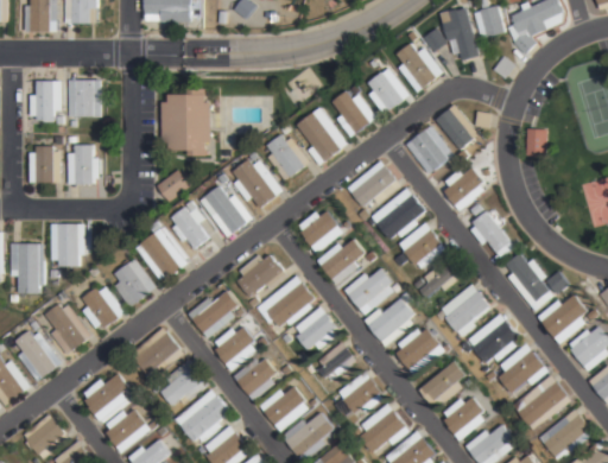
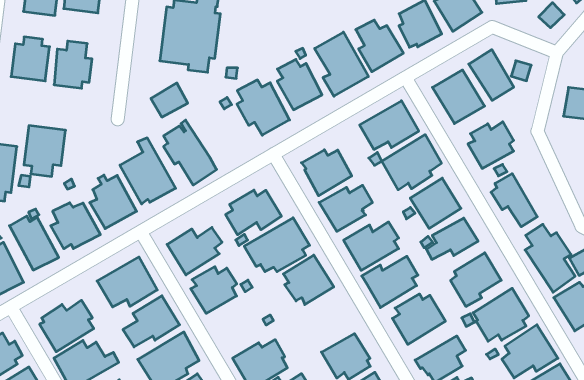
building: [203,185,251,237] -> none
building: [316,342,354,381] -> none
building: [234,359,277,401] -> none

